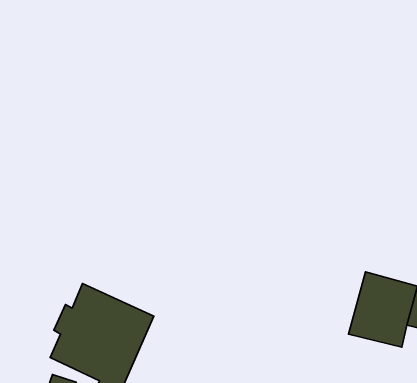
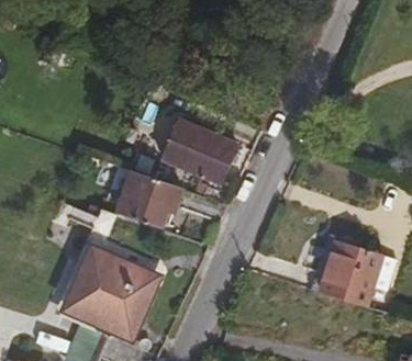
building: none -> [158,115,230,179]
building: none -> [122,176,178,232]

